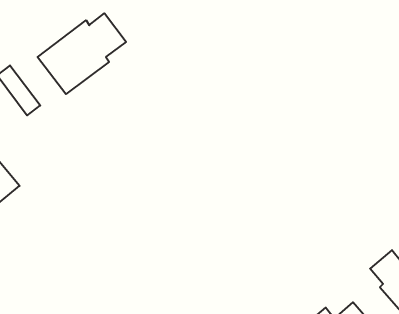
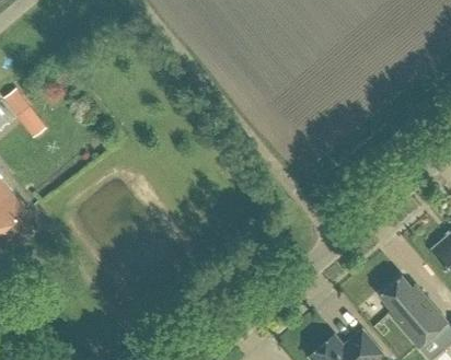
building: [38,13,126,94] -> none

